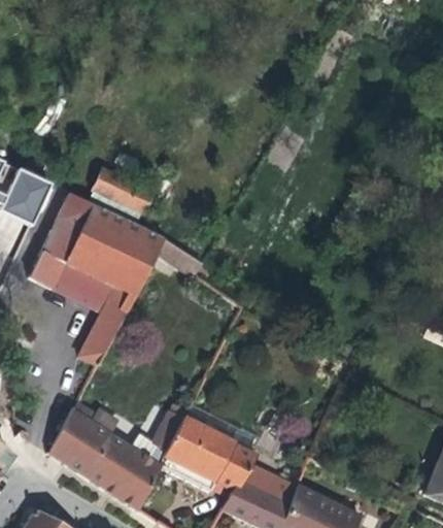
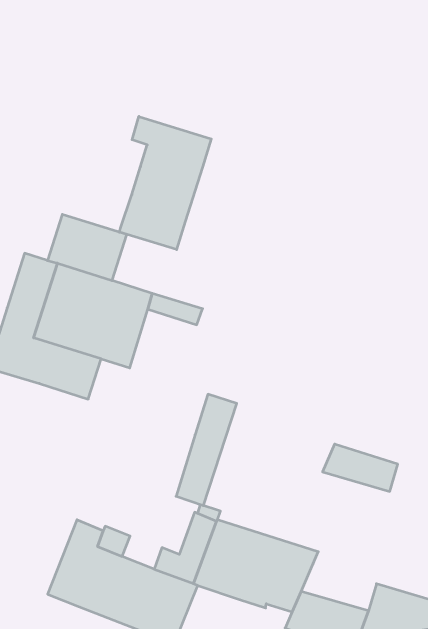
building: none -> [119,116,211,250]
building: [80,283,137,366] -> [176,394,237,506]
building: [240,462,298,504] -> [323,444,398,491]

